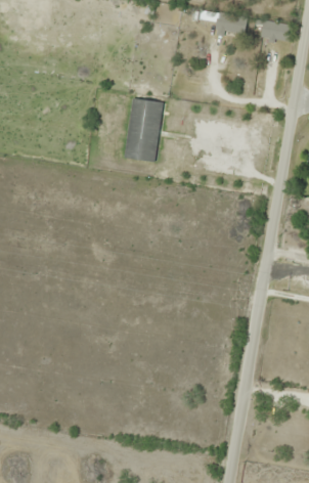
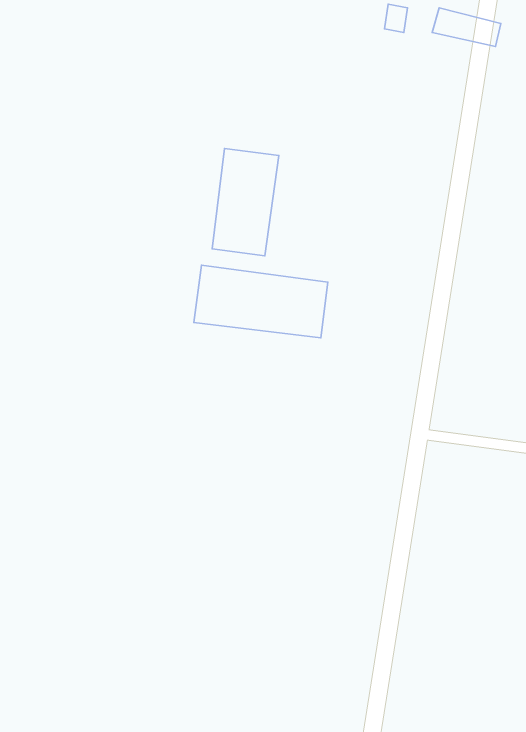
building: none -> [194,265,328,338]

